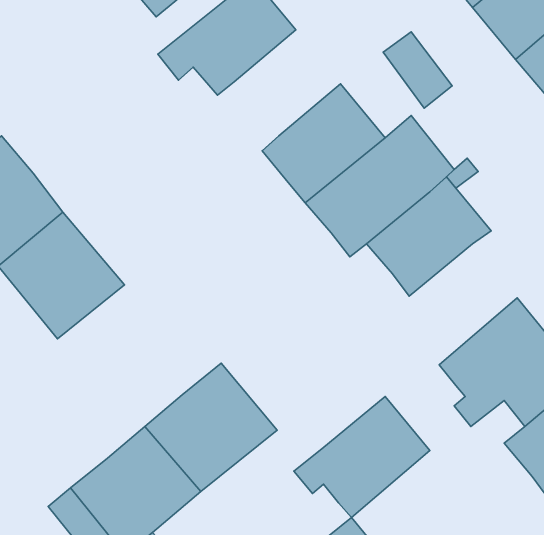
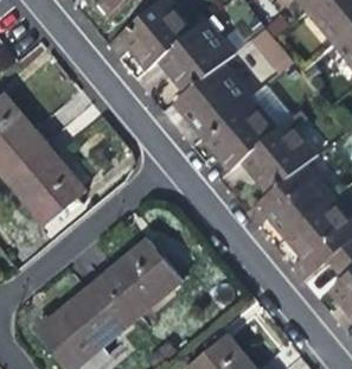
building: none -> [154,17,232,93]
building: [294,397,430,518] -> [248,161,334,238]

